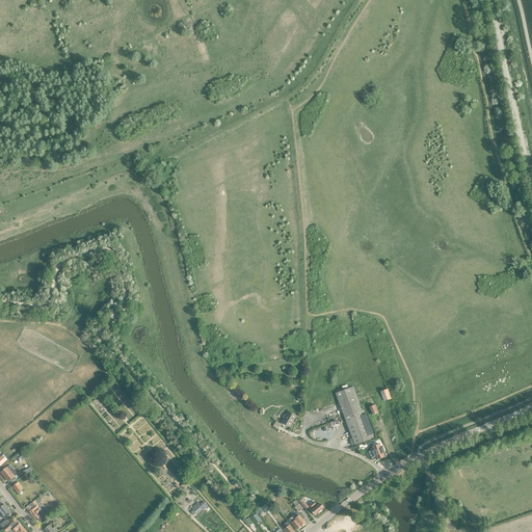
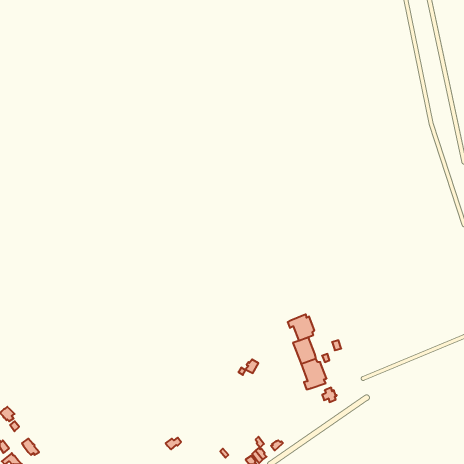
building: none -> [288,314,314,341]

